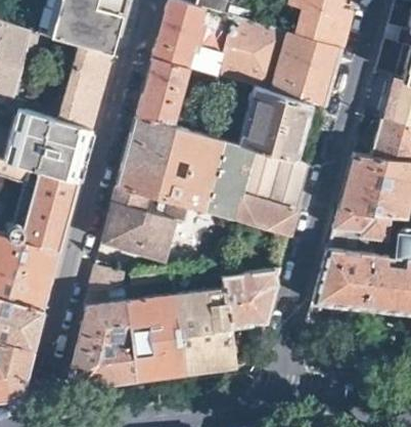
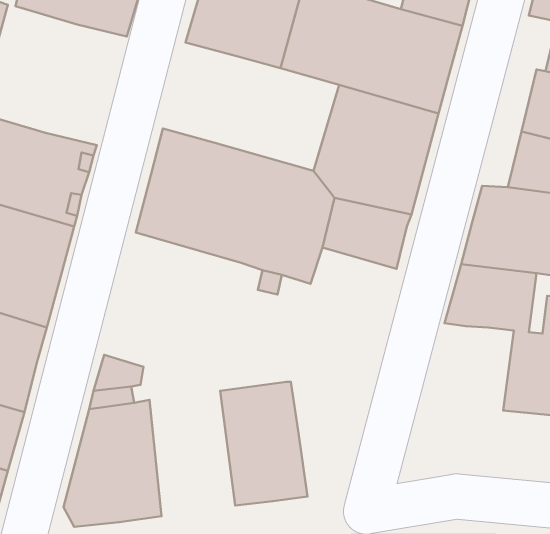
building: [57,47,112,129] -> none
building: [137,59,187,127] -> none
building: [103,188,190,264] -> none
building: [237,199,295,239] -> none
building: [313,250,375,309] -> none
building: [221,269,280,325] -> none
building: [128,296,186,381] -> none

